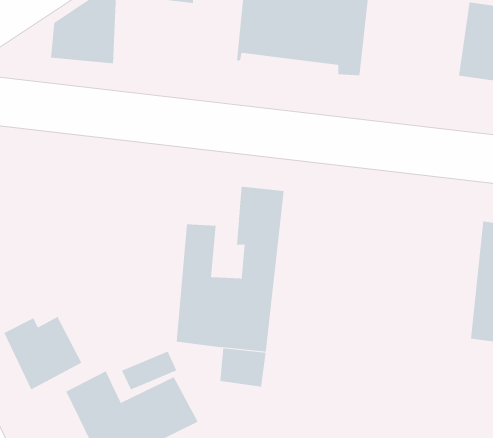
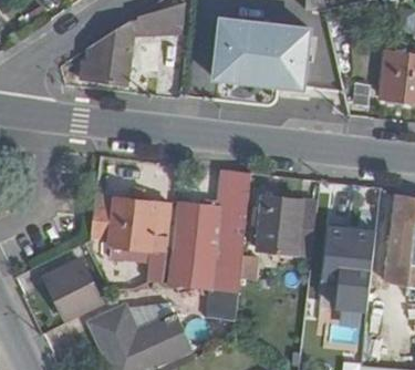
building: none -> [90,189,173,251]
building: none -> [257,198,315,240]
building: none -> [321,232,374,314]

